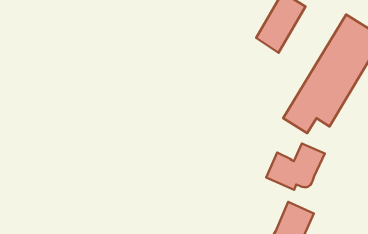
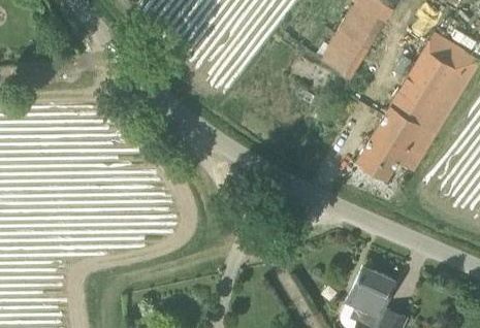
building: [266,143,325,190] -> none

